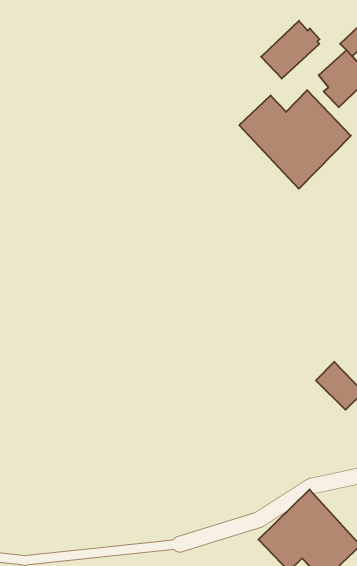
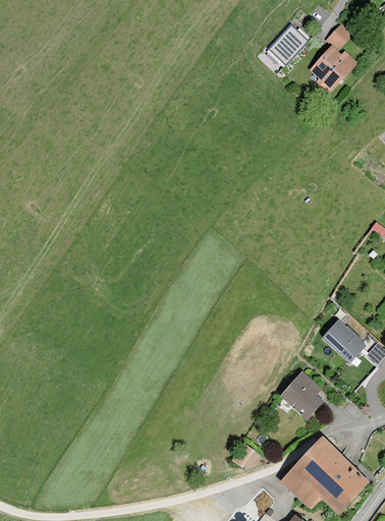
building: [239,90,351,189] -> none
building: none -> [280,370,324,419]

